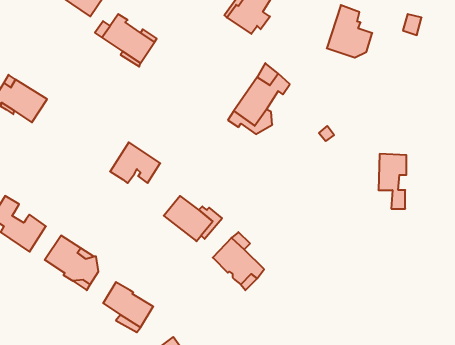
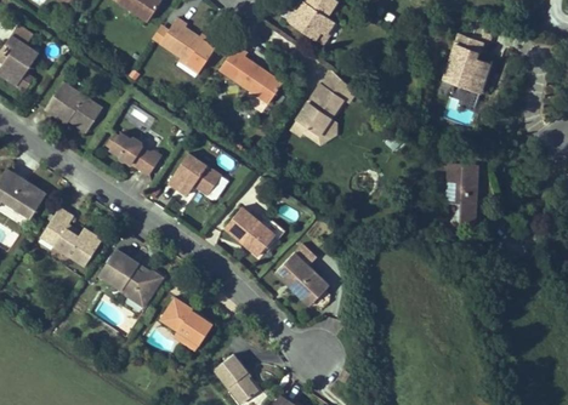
building: [327,5,372,58] -> [443,35,490,90]
building: none -> [220,45,284,104]
building: none -> [107,132,163,176]

